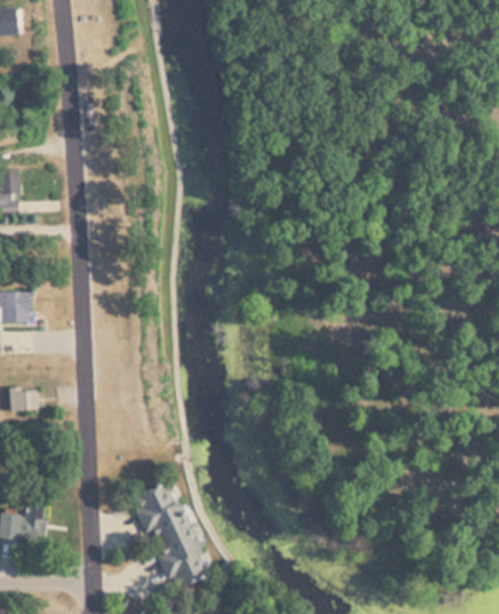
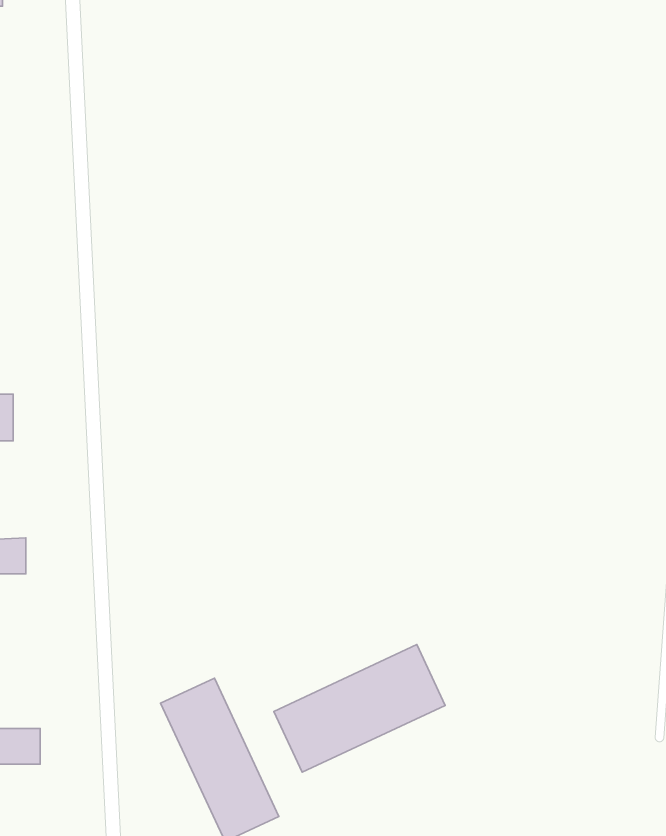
building: none -> [274,645,445,772]

